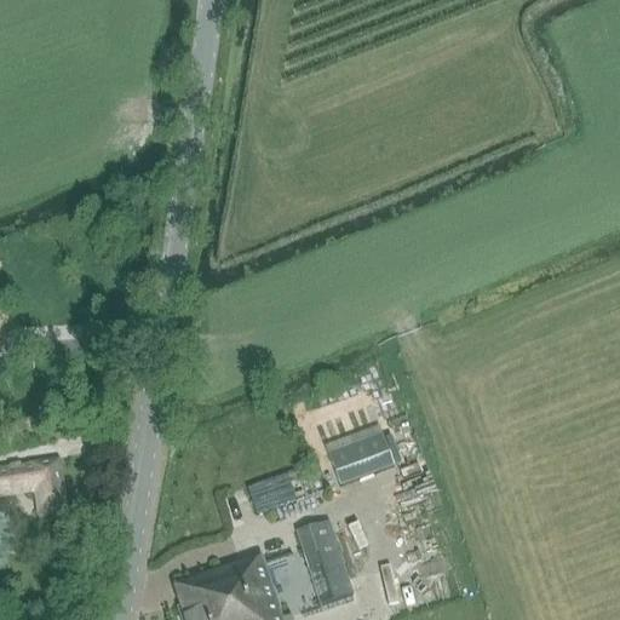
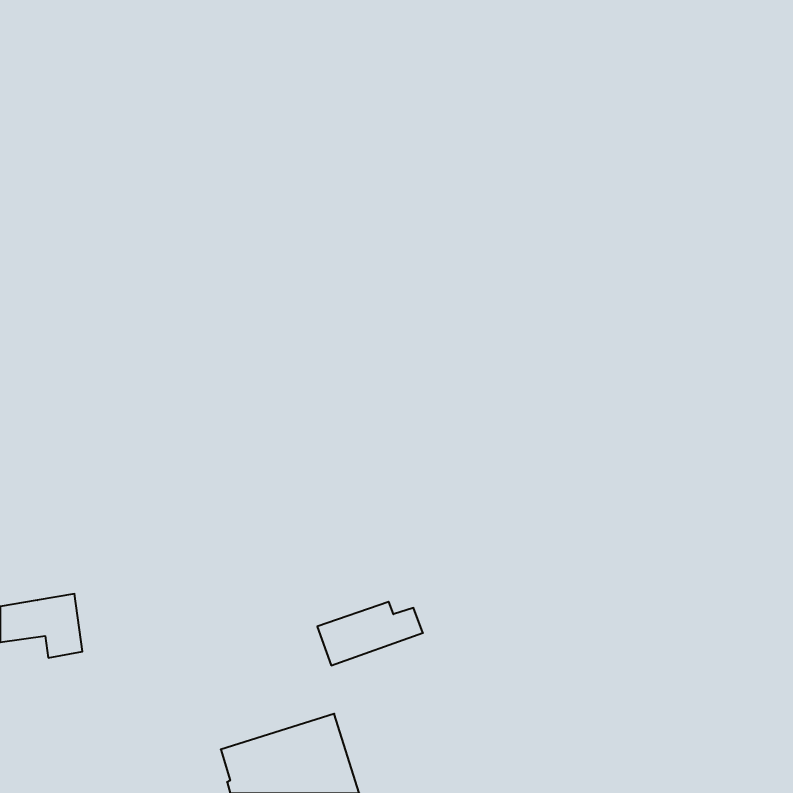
building: [332,437,394,473] -> none
building: [297,523,355,607] -> none

